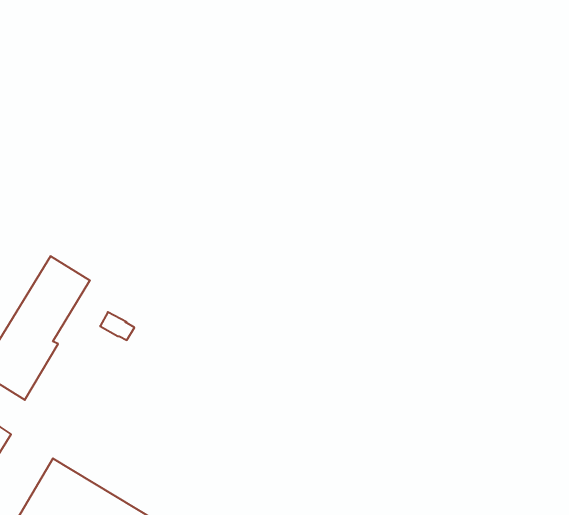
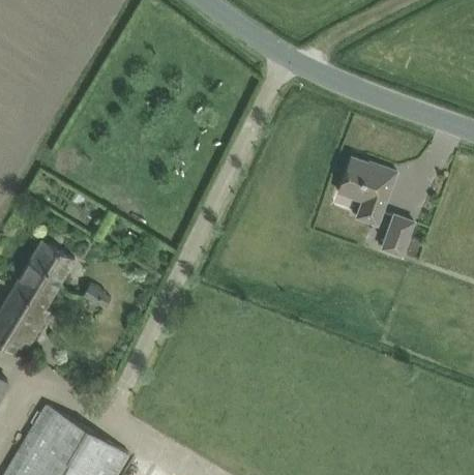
building: none -> [338,157,396,225]
building: none -> [382,216,414,257]

